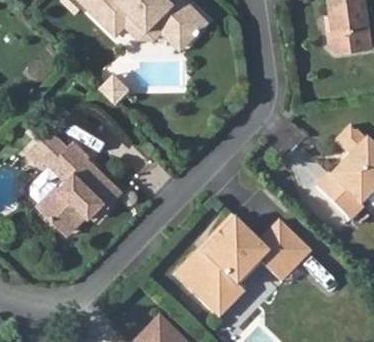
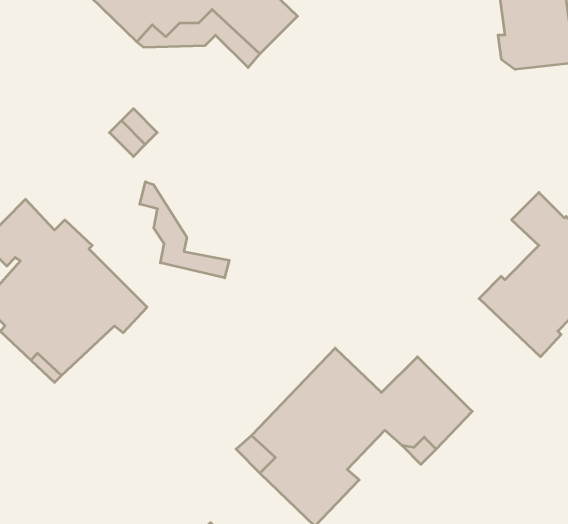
building: none -> [140,182,229,278]

